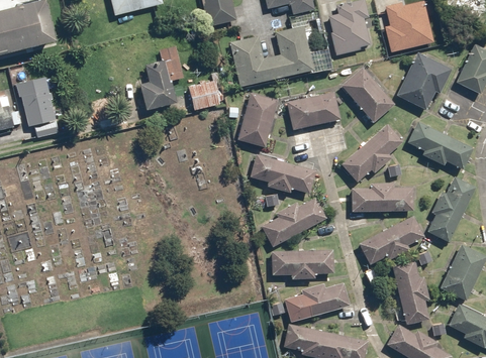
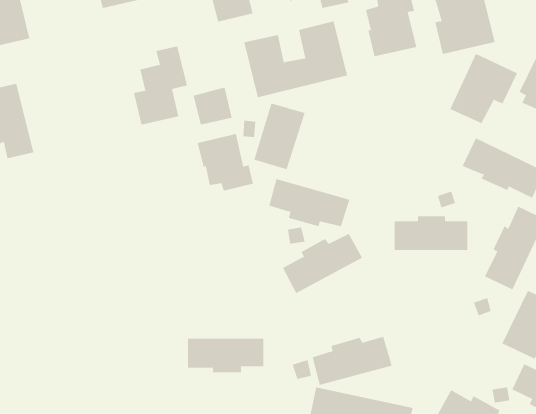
building: [338,68,393,123] -> none
building: [286,92,341,130] -> none
building: none -> [197,133,254,192]
building: [341,124,403,182] -> none
building: [359,215,425,264] -> none
building: [271,251,333,279] -> [187,338,264,373]
building: [391,259,429,324] -> none

